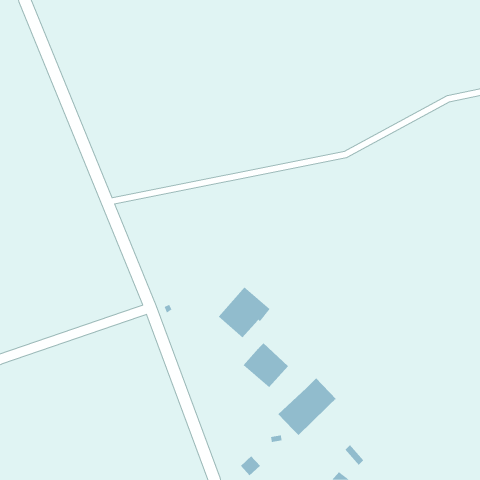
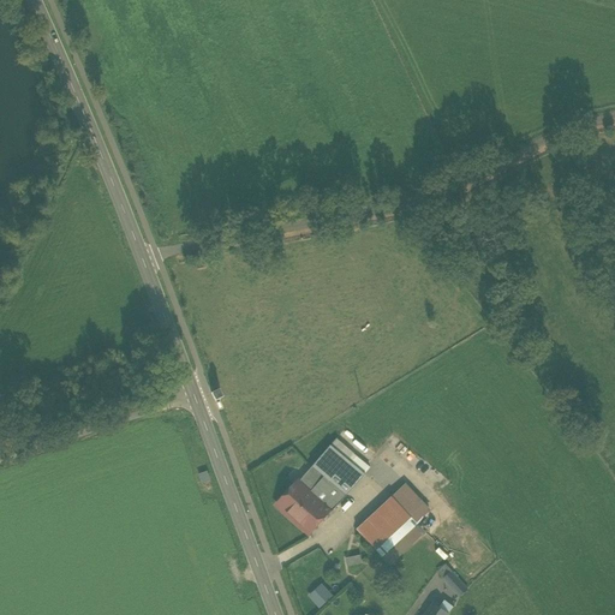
building: [218,287,271,338] -> [276,466,344,532]

